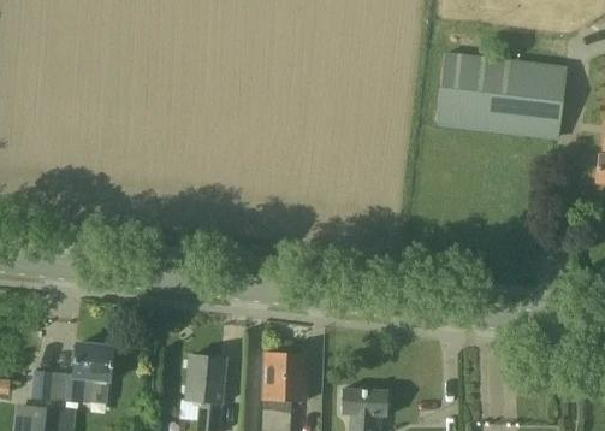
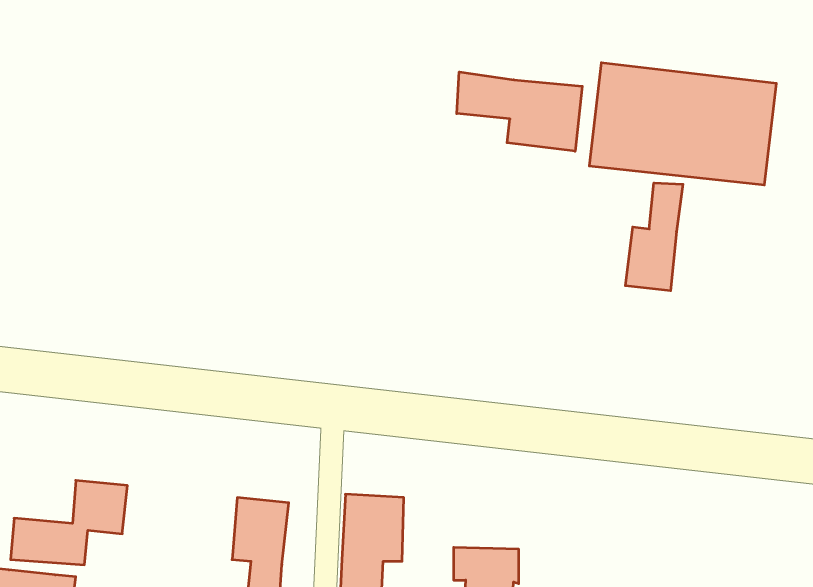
building: none -> [457,72,582,151]
building: none -> [625,183,683,291]

